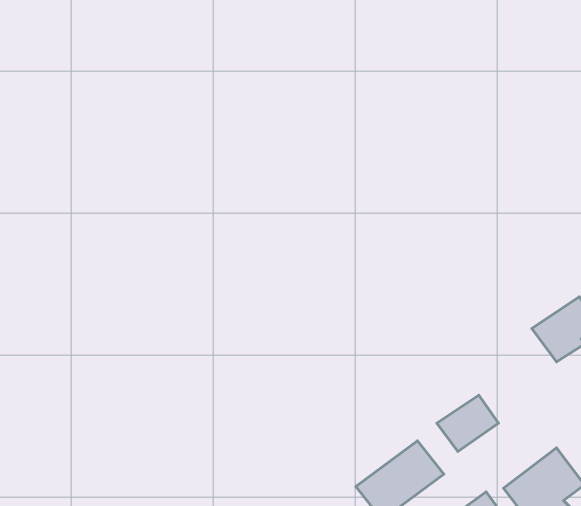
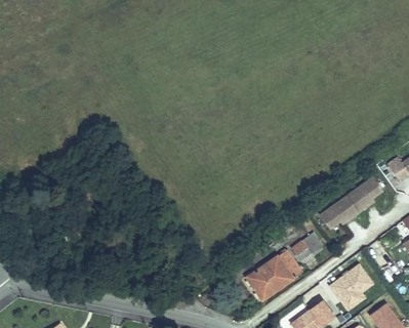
building: none -> [318,194,359,230]

